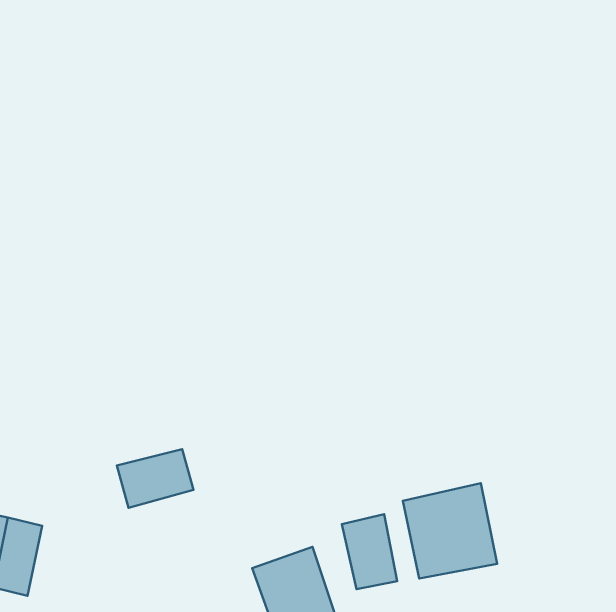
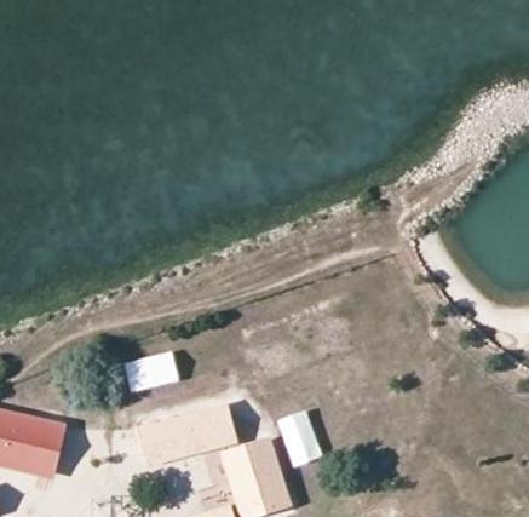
building: [403,483,497,578] -> none
building: none -> [139,406,234,461]

